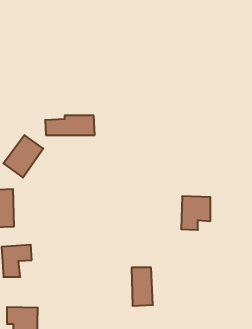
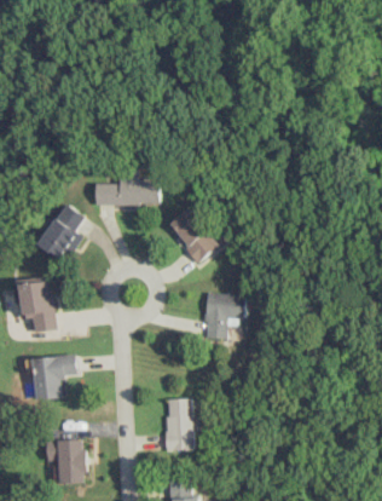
building: none -> [169,208,221,263]
building: [181,196,210,230] -> [206,293,245,339]
building: [132,268,153,306] -> [166,398,195,450]

